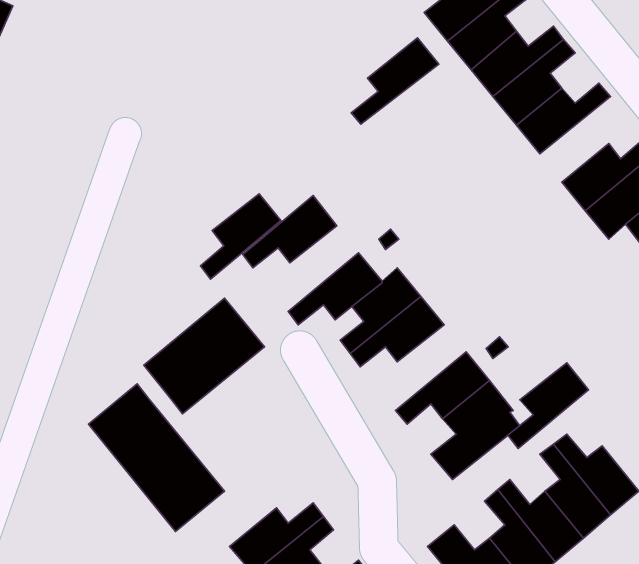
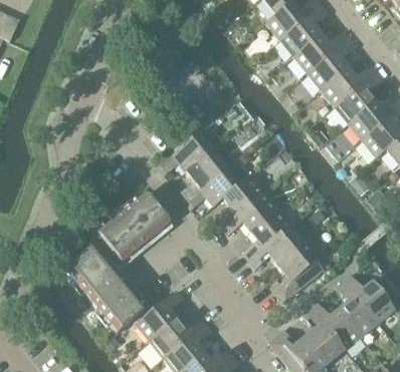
building: [351,38,439,124] -> none
building: none -> [336,73,384,124]
building: [200,194,281,279] -> [179,150,227,202]
building: [508,363,589,449] -> [243,210,291,261]
building: none -> [136,290,185,342]

